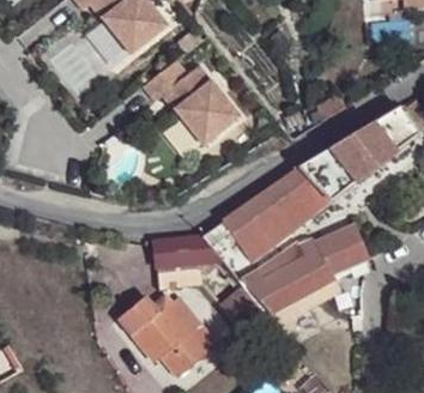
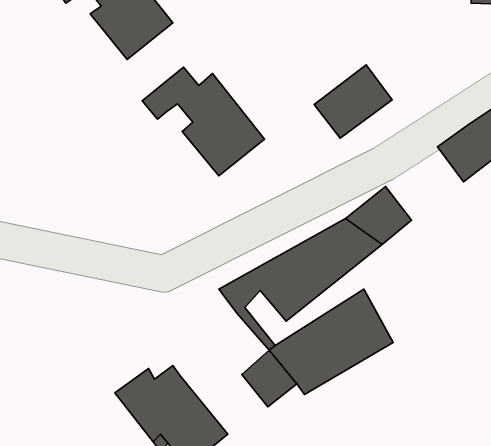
building: [332,122,393,180] -> [314,65,392,138]
building: [317,223,368,271] -> none
building: [151,234,216,288] -> none

